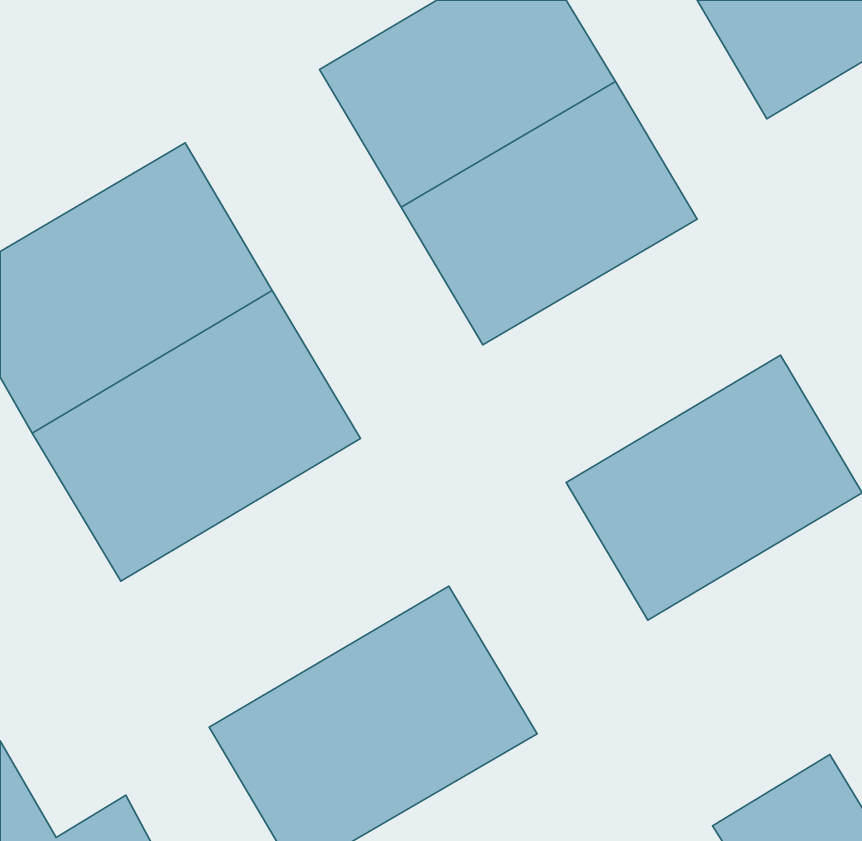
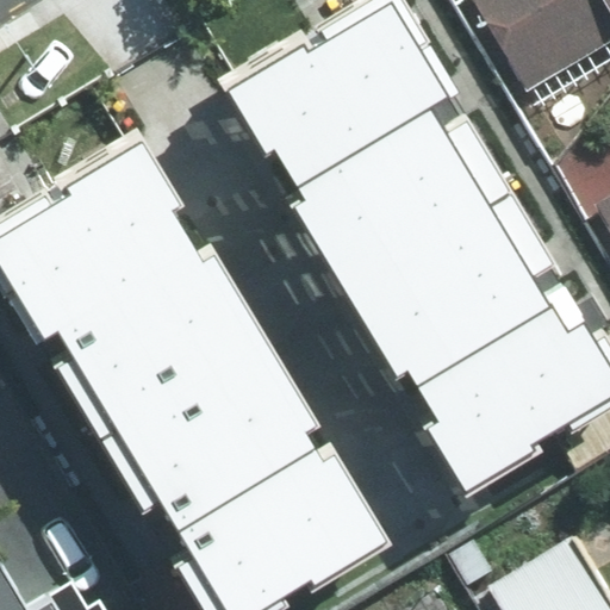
building: none -> [343,173,552,357]
building: none -> [89,326,319,529]

